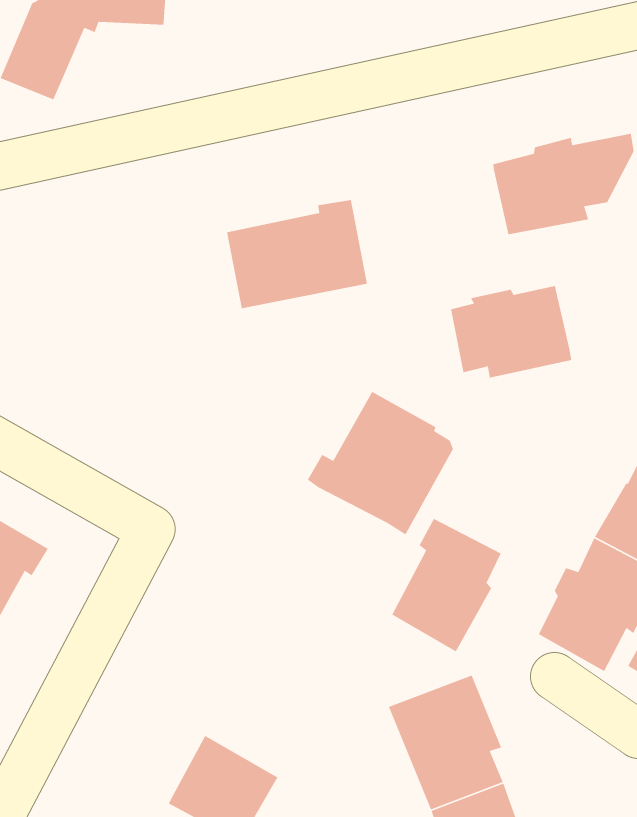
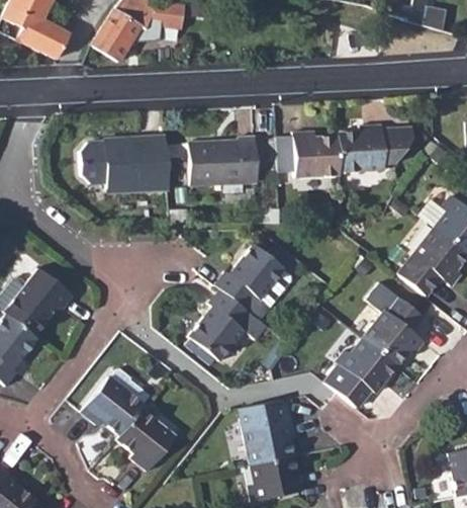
building: none -> [87,137,175,191]
building: [450,285,572,378] -> [282,135,341,179]
building: [391,518,502,653] -> [190,285,253,357]
building: none -> [80,367,148,432]

